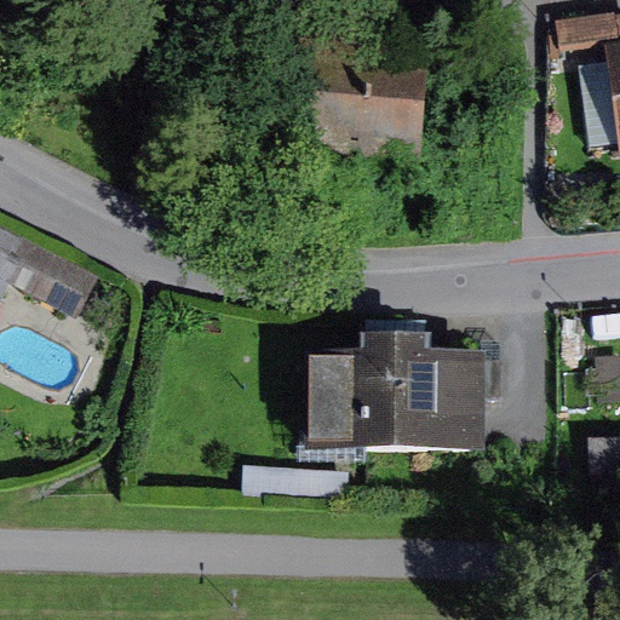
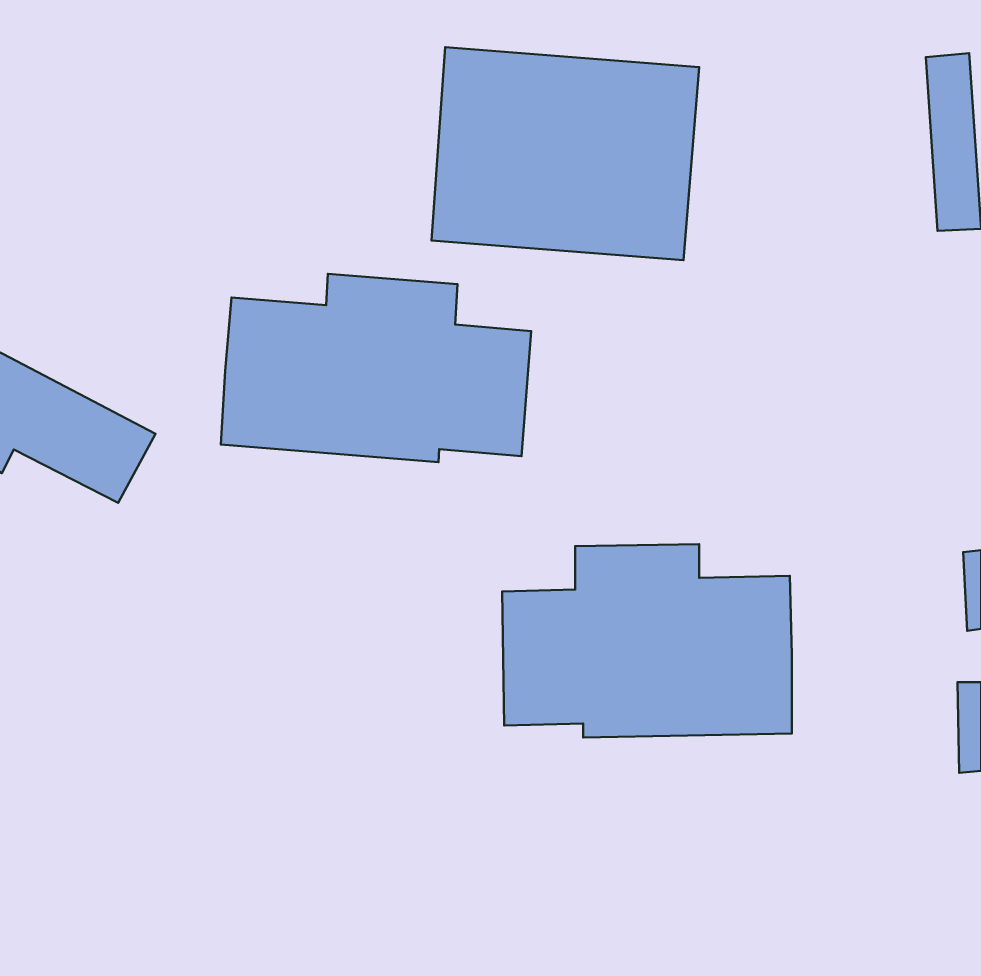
building: none -> [221,274,531,462]

